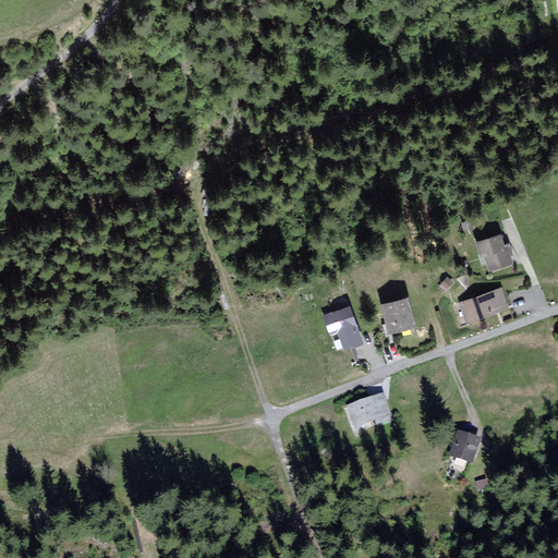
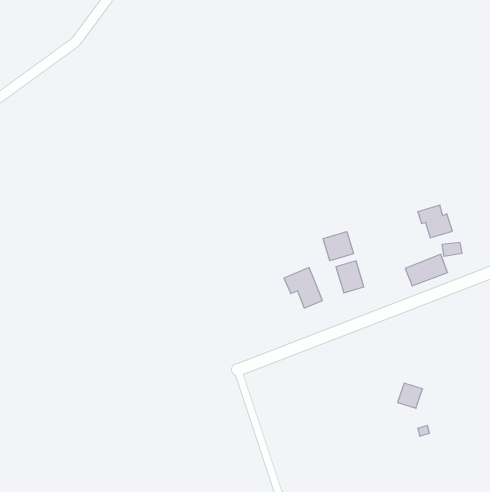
building: none -> [323,232,354,261]
building: [348,396,385,430] -> none

